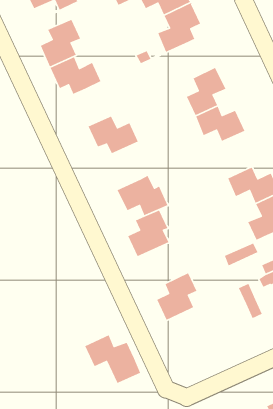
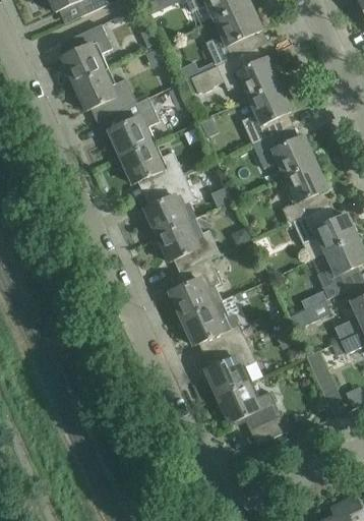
building: none -> [185,52,278,97]
building: none -> [108,97,159,156]
building: none -> [281,162,326,222]
building: none -> [143,175,194,234]
building: none -> [181,299,252,350]
building: [84,334,141,385] -> [217,382,287,444]

